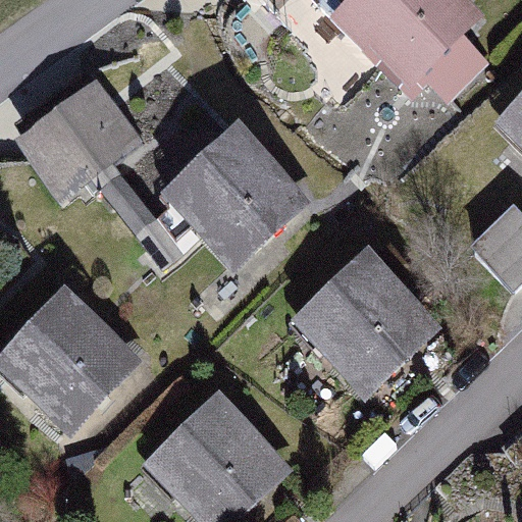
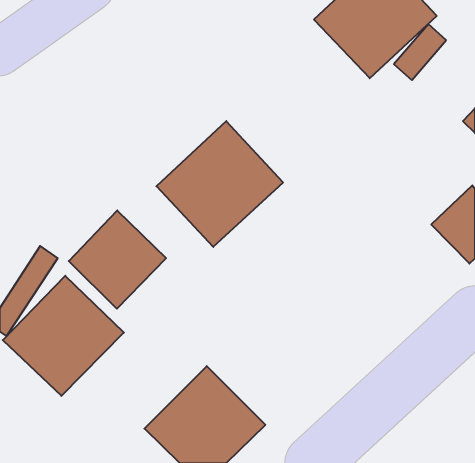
building: [12,87,127,197] -> none
building: none -> [69,210,166,309]
building: [299,254,441,396] -> none

